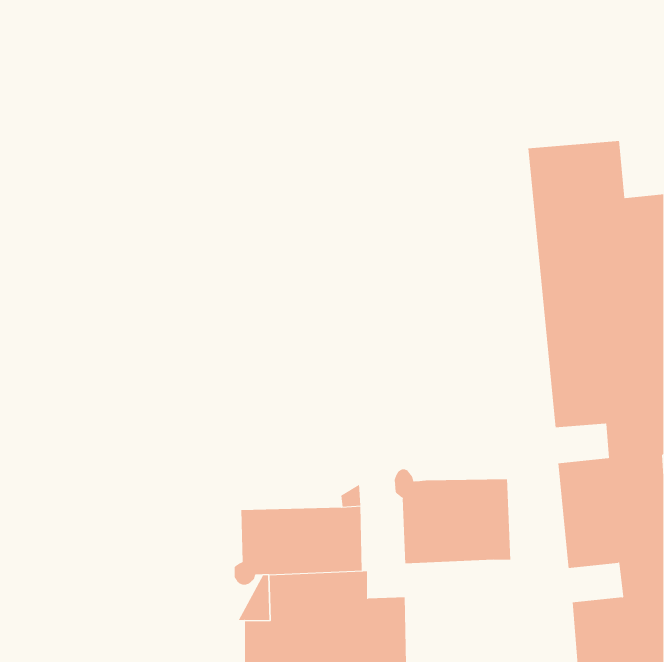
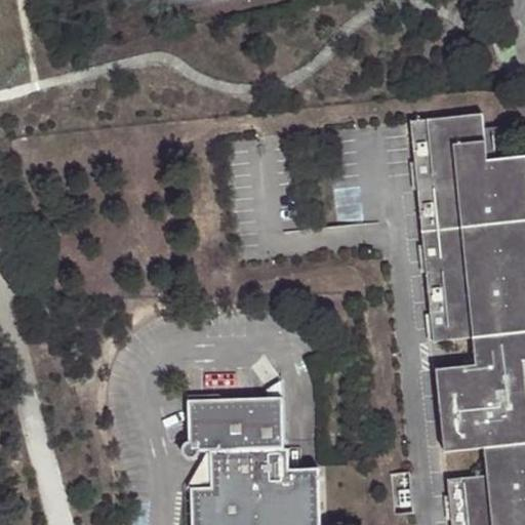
building: [394,468,511,564] -> none

